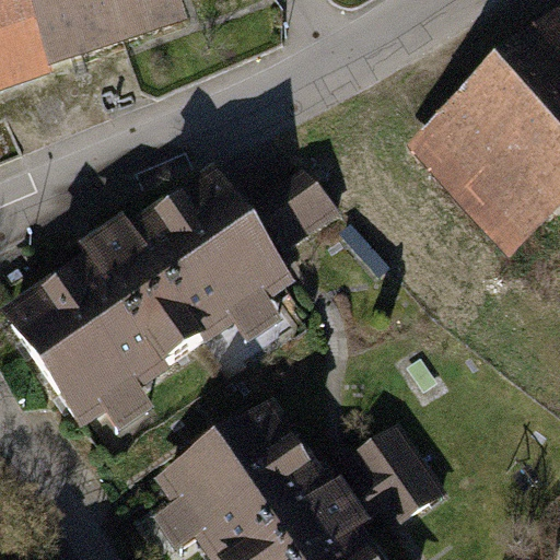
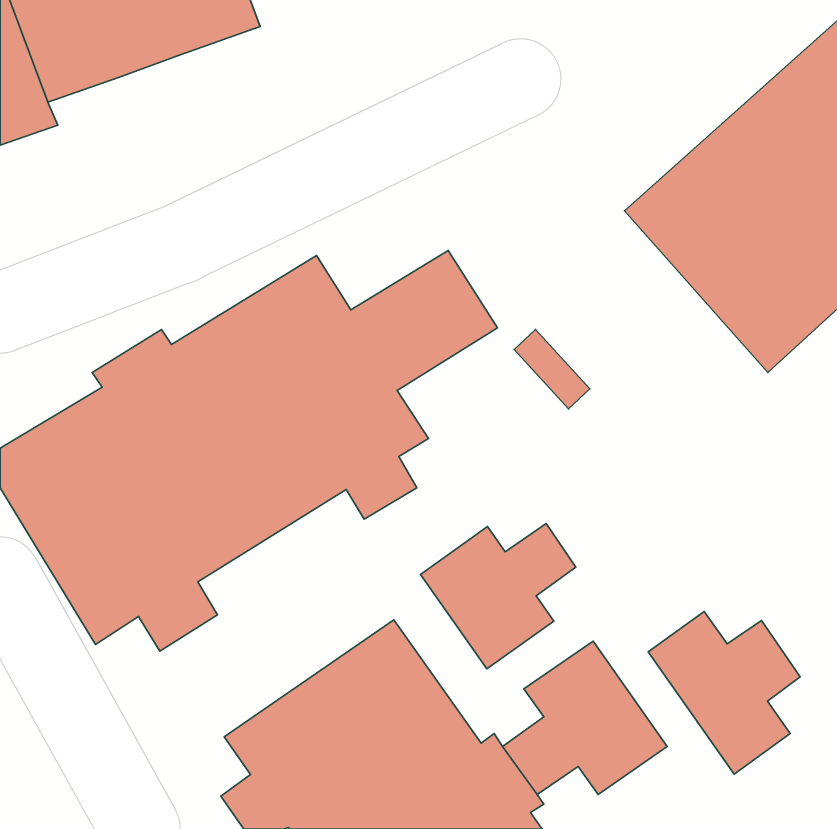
building: none -> [421,524,576,669]
building: none -> [648,611,800,774]

